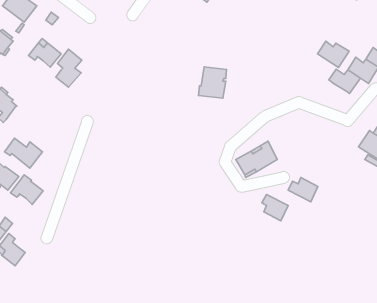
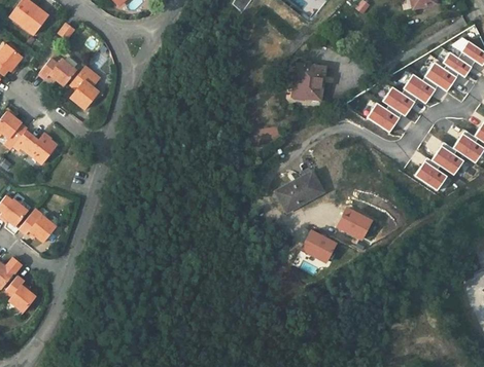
building: [318,41,349,68] -> [366,103,402,133]
building: [199,67,227,98] -> [292,64,324,100]
building: [5,138,43,168] -> [13,131,57,164]

